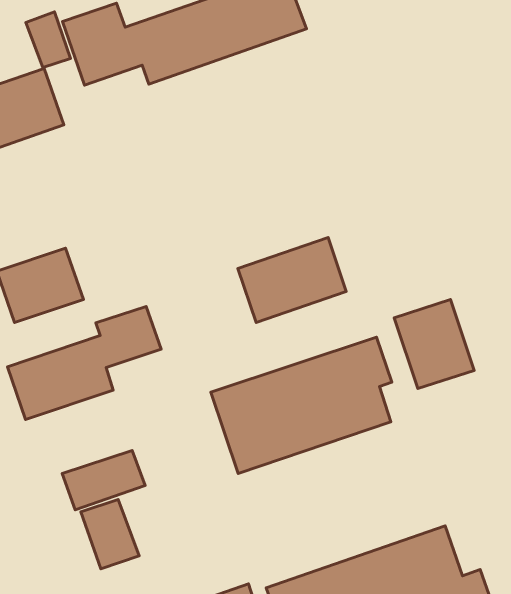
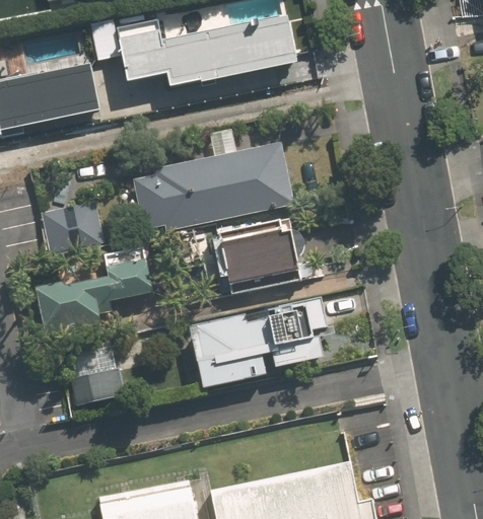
building: none -> [129,142,292,234]
building: [394,300,474,389] -> none
building: [81,499,139,569] -> none

